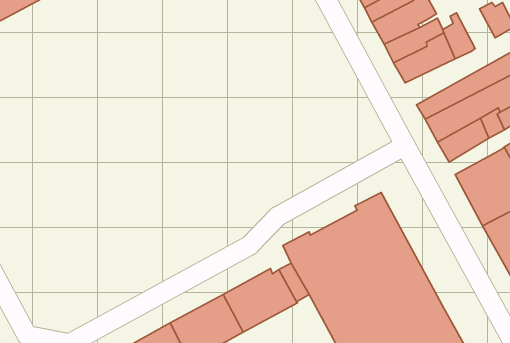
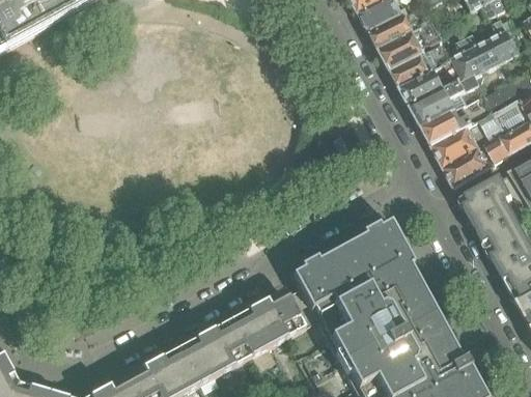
building: none -> [463,31,501,73]
building: none -> [412,76,486,129]

